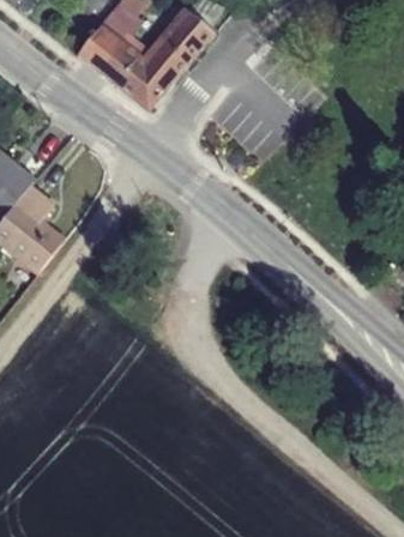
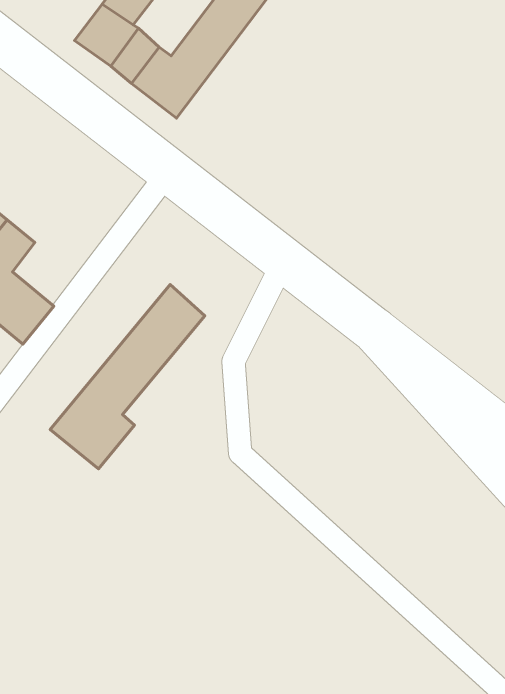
building: none -> [50,285,205,469]

